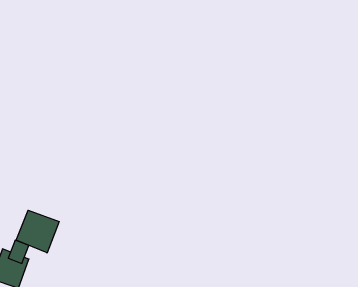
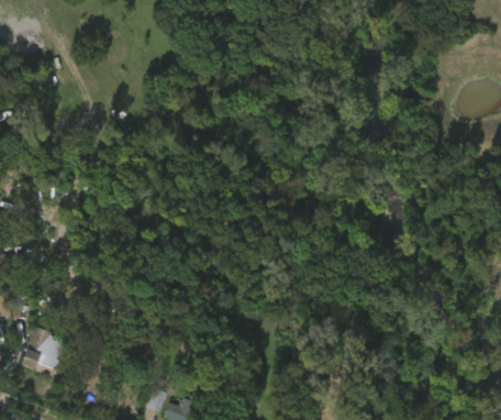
building: [16,210,59,253] -> none

